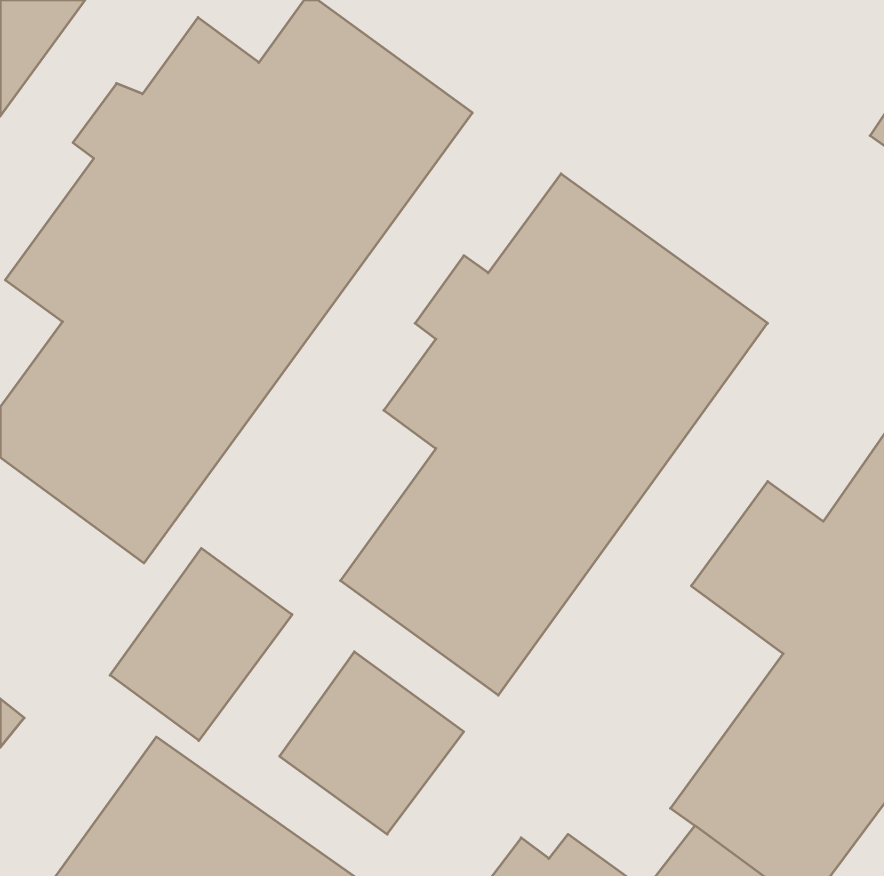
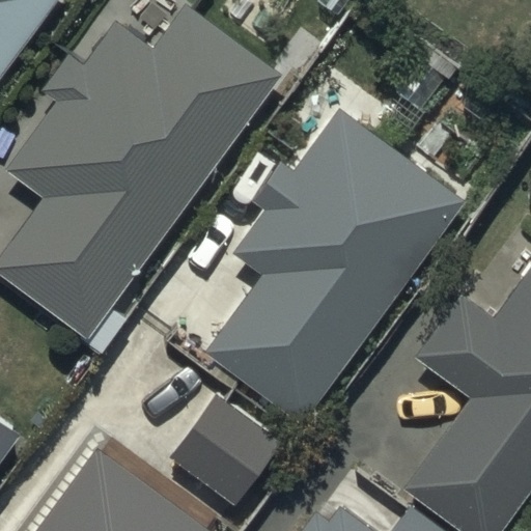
building: [110,548,292,741] -> none

